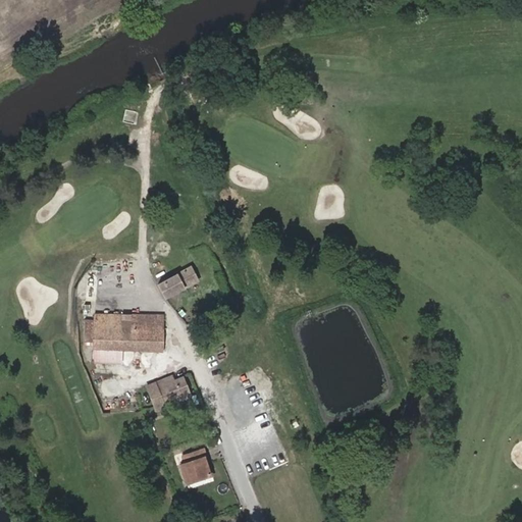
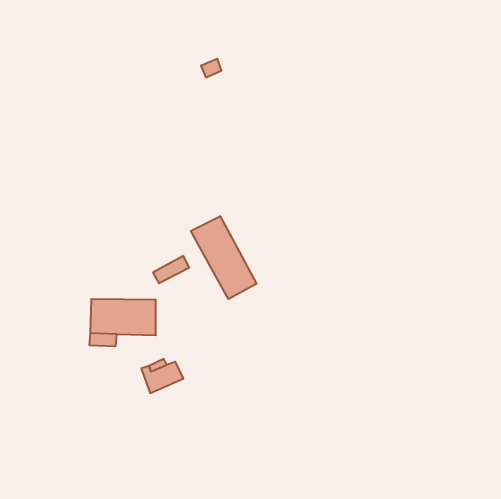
building: none -> [191,216,256,299]
building: [178,459,210,484] -> none

